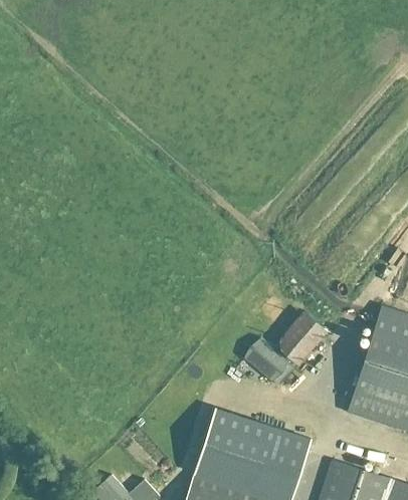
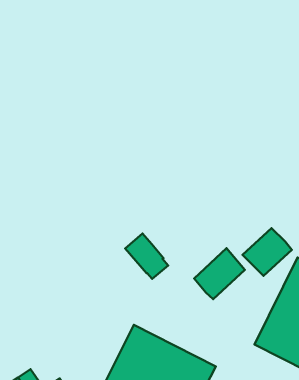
building: none -> [242,228,292,276]
building: [244,338,293,386] -> [125,234,168,279]

